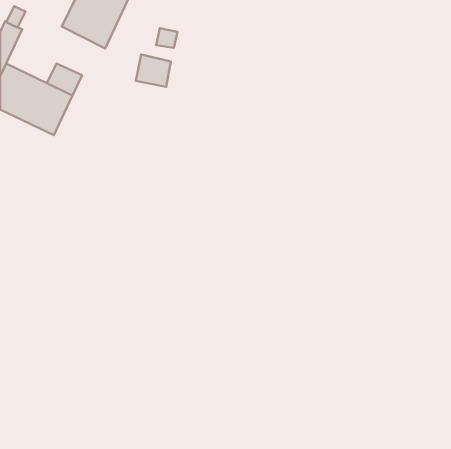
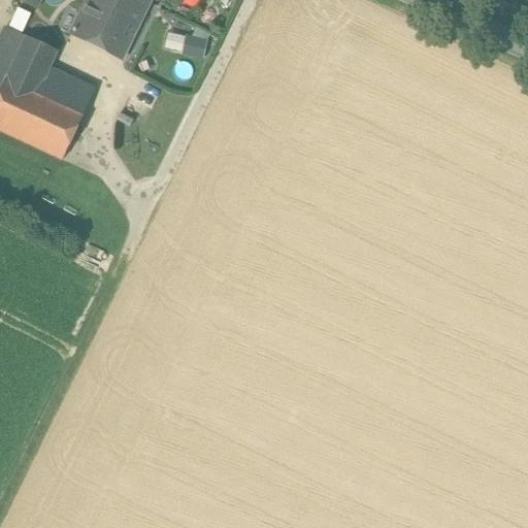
building: none -> [7,34,66,97]
building: [136,55,171,87] -> none

